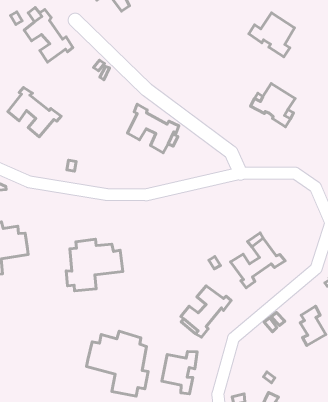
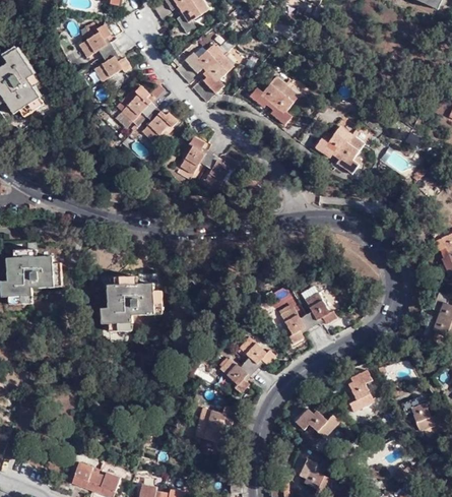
building: [249,13,295,57] -> [250,75,300,124]
building: none -> [175,44,233,102]
building: [8,87,61,137] -> [121,85,178,140]
building: [87,331,148,396] -> none
building: none -> [296,409,339,437]

